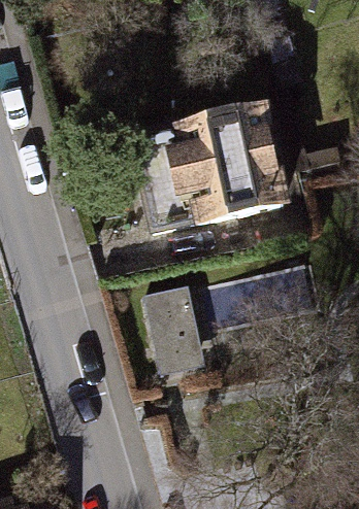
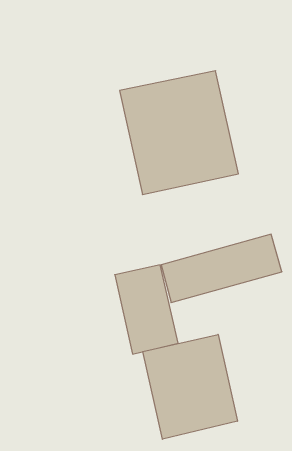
building: none -> [143,334,237,439]

